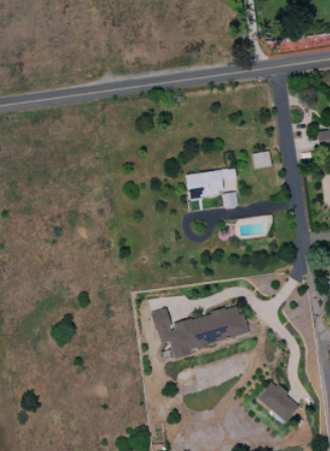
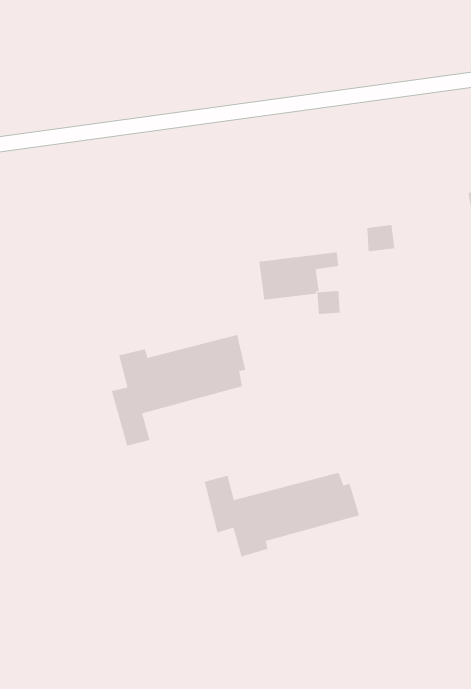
building: none -> [111,334,246,446]
building: [258,381,301,423] -> none

